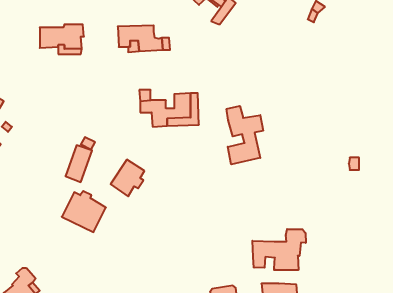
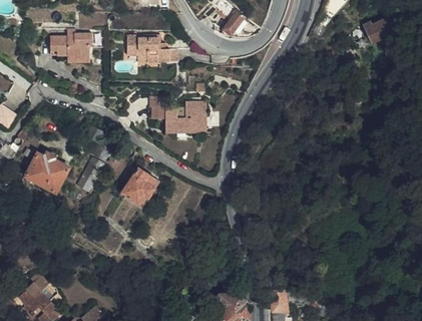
building: none -> [362,17,393,41]
building: [227,106,263,164] -> none
building: [62,191,106,232] -> [24,152,67,193]
building: [252,229,306,270] -> none

